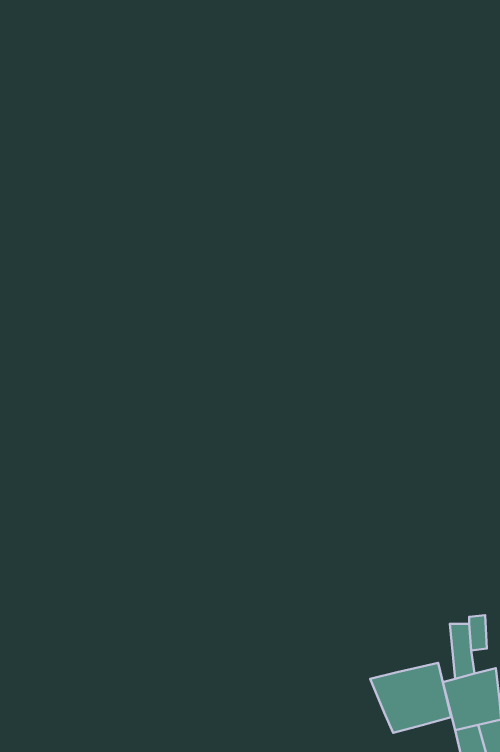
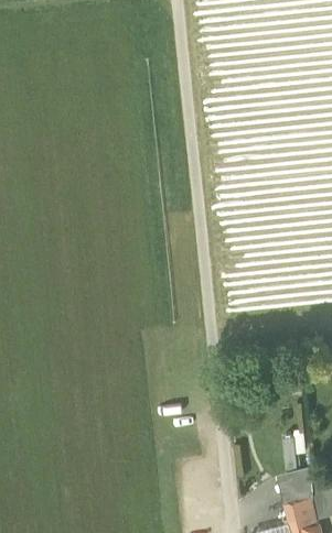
building: [370,663,451,733] -> none

